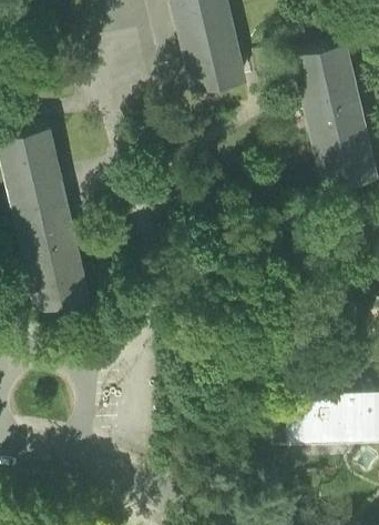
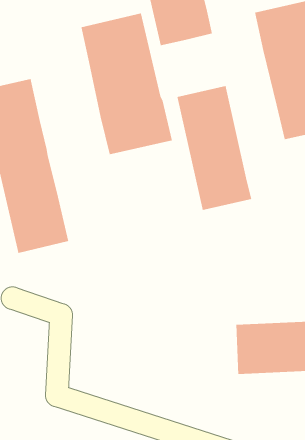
building: none -> [80,13,173,155]
building: none -> [176,85,252,211]

